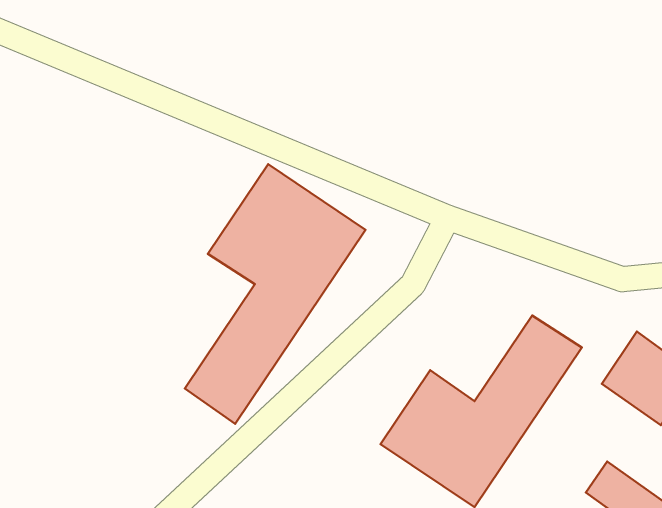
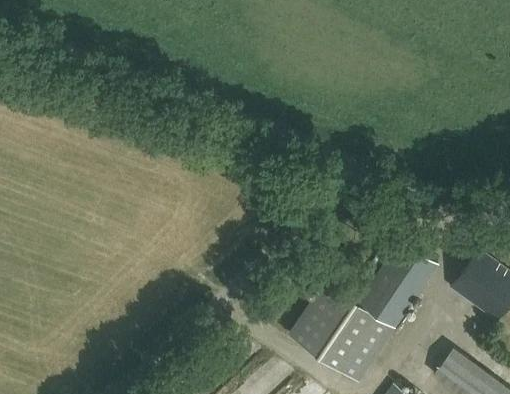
building: [185,164,366,424] -> none

